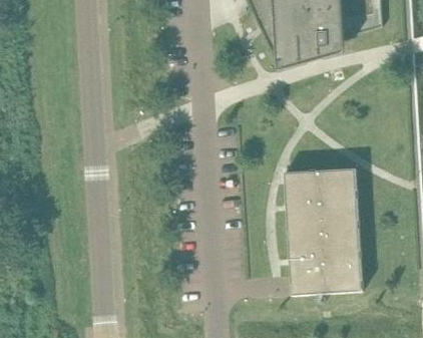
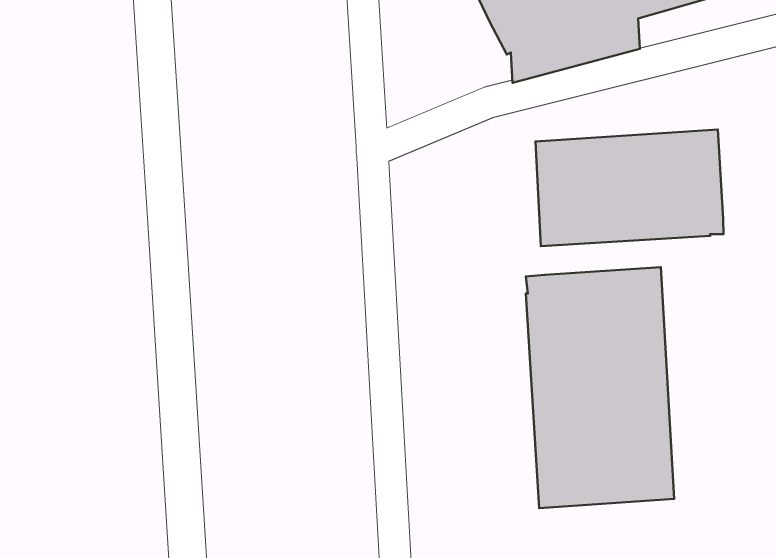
building: none -> [535,129,724,246]

